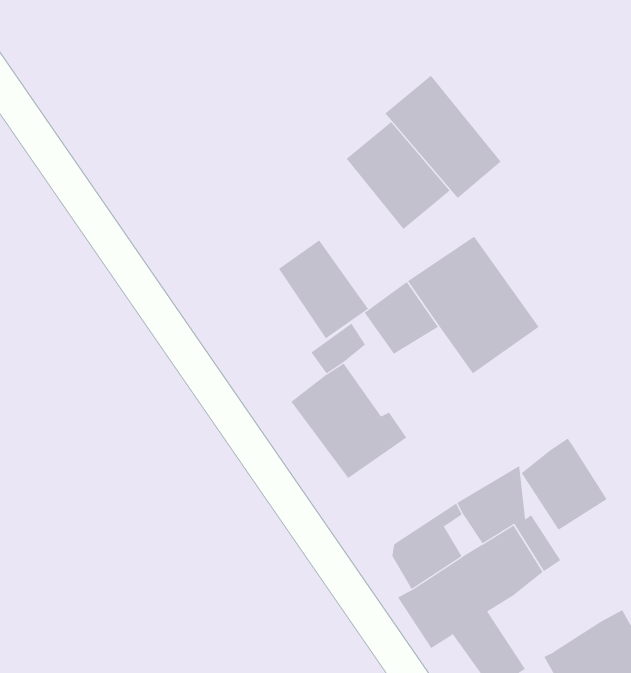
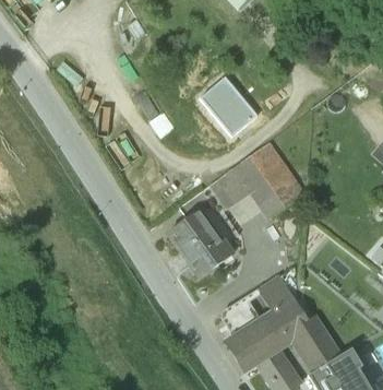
building: [385,75,502,199] -> none
building: [278,240,369,339] -> none
building: [521,438,608,531] -> [292,320,340,371]

